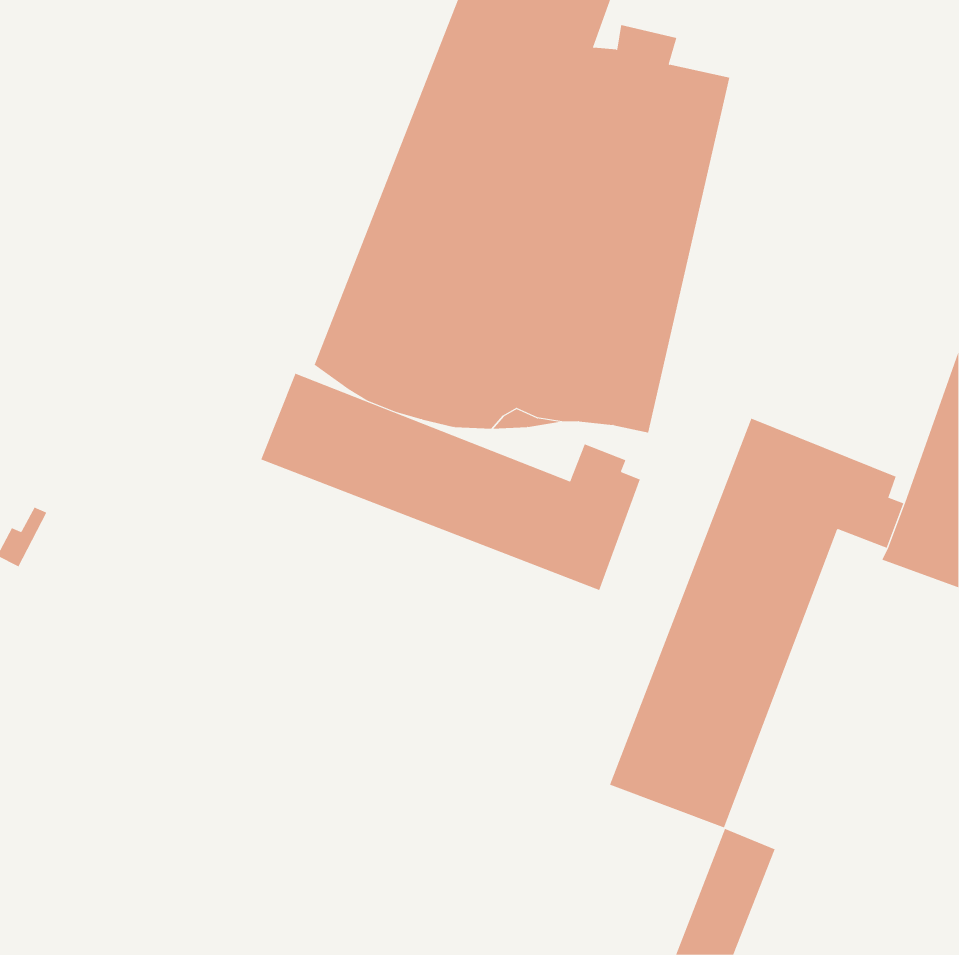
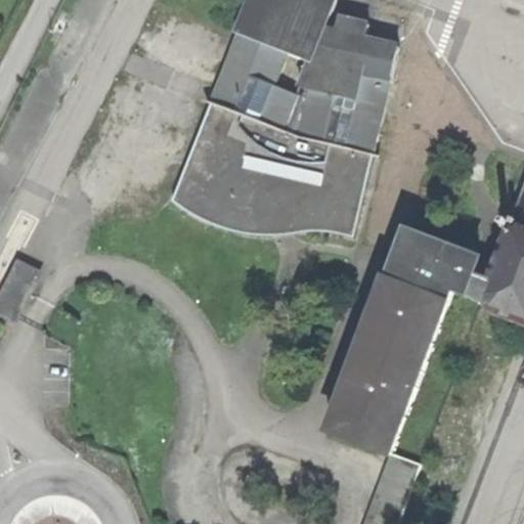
building: [260,373,641,591] -> none

